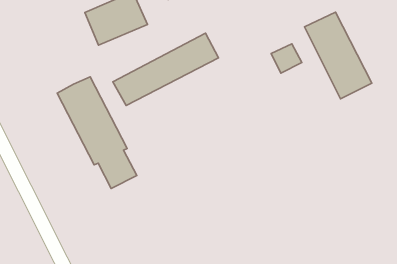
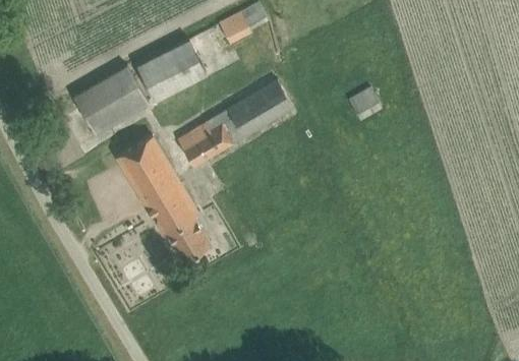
building: none -> [76,65,150,132]
building: [305,12,372,99] -> none

